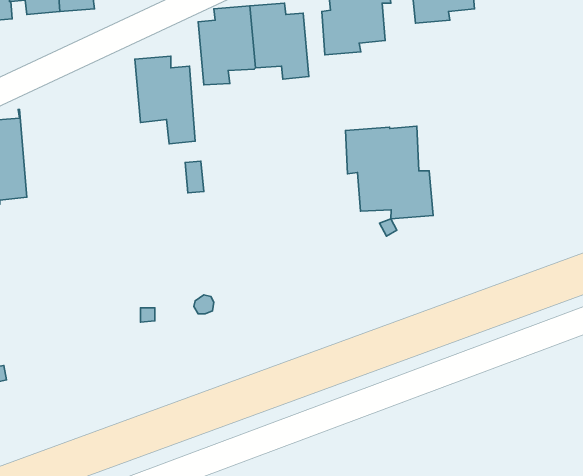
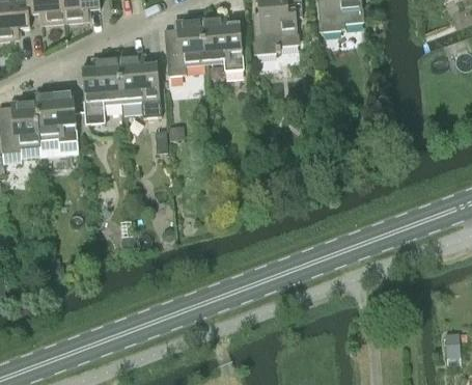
building: none -> [80,56,121,123]
building: none -> [34,89,77,157]
building: [346,126,433,219] -> none

